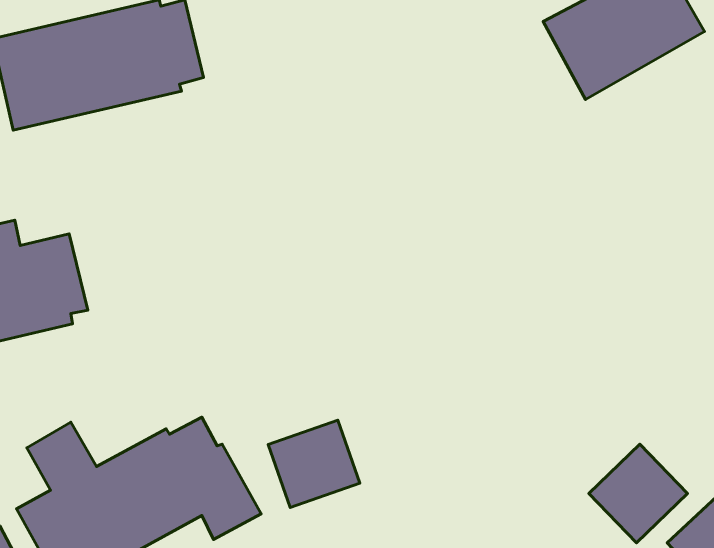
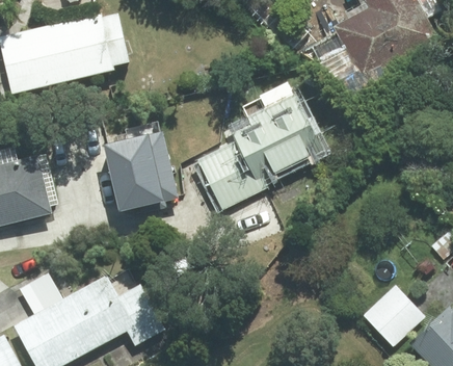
building: none -> [193,80,324,212]
building: none -> [105,122,176,209]
building: [268,420,360,507] -> none

